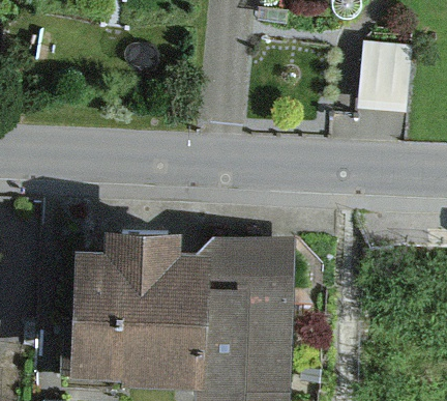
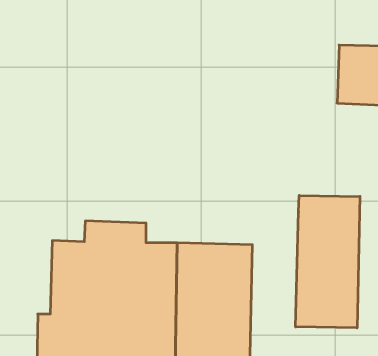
building: none -> [296,195,360,328]

